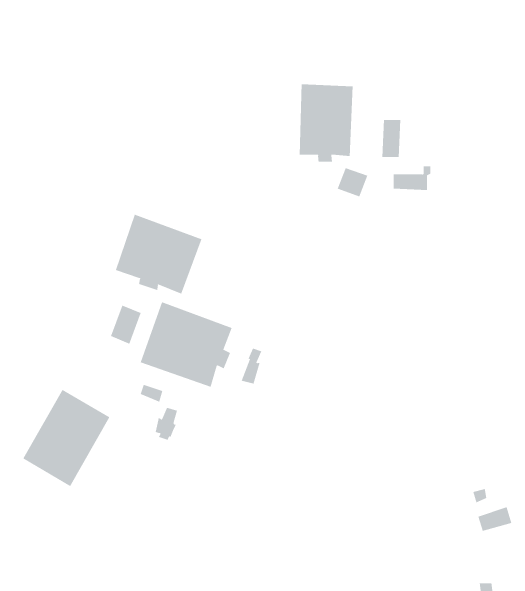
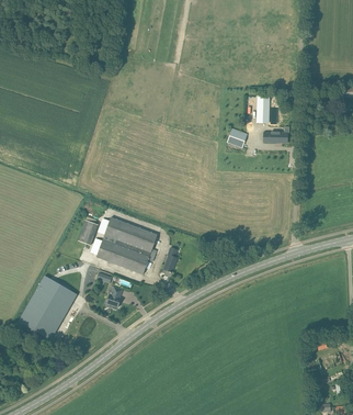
building: [299,83,353,162] -> none
building: [115,214,202,294] -> none

